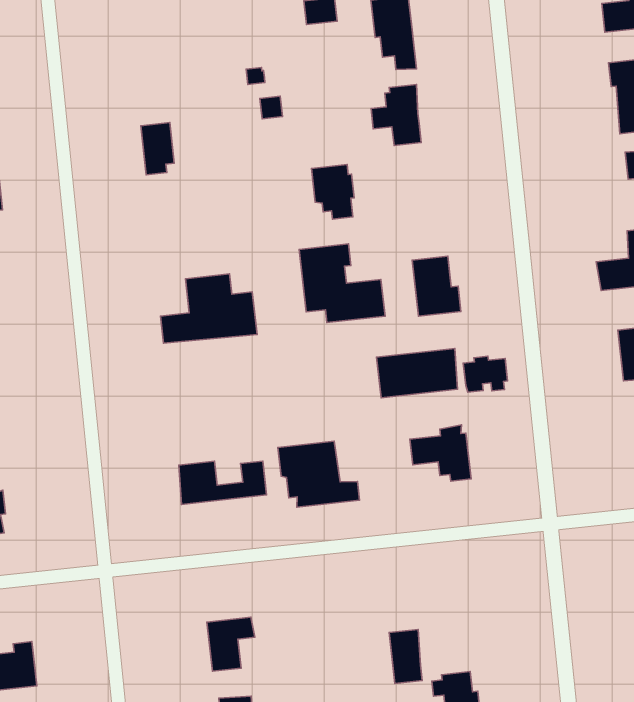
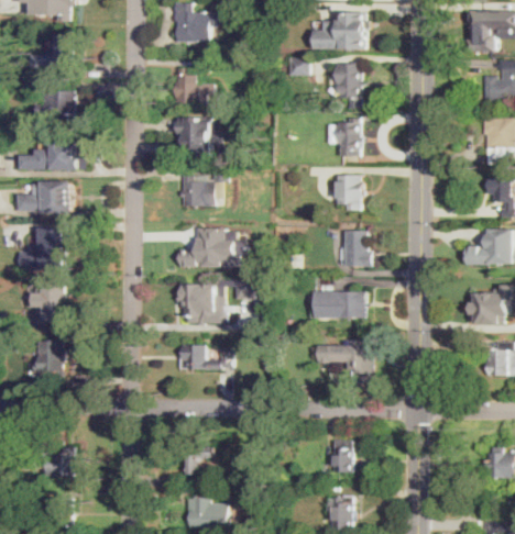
building: none -> [173,69,198,103]
building: [311,164,354,219] -> [337,176,362,210]
building: none -> [177,164,223,208]
building: [299,244,385,323] -> none
building: [463,356,508,392] -> none
building: [278,441,360,507] -> [177,282,226,322]
building: [389,629,422,684] -> [333,441,352,474]

